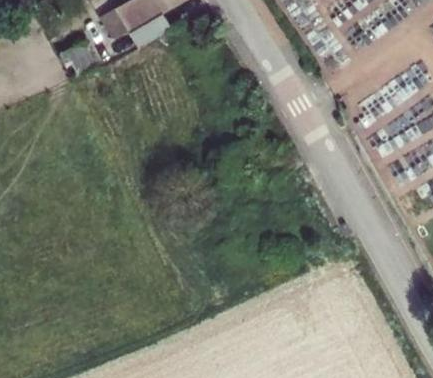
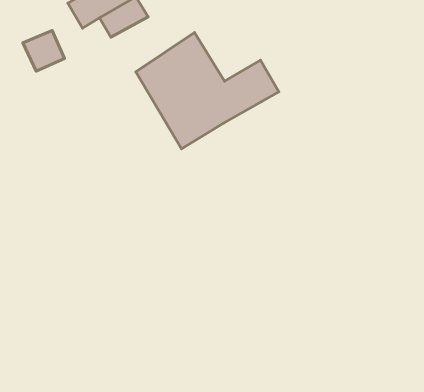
building: none -> [136,32,279,149]

